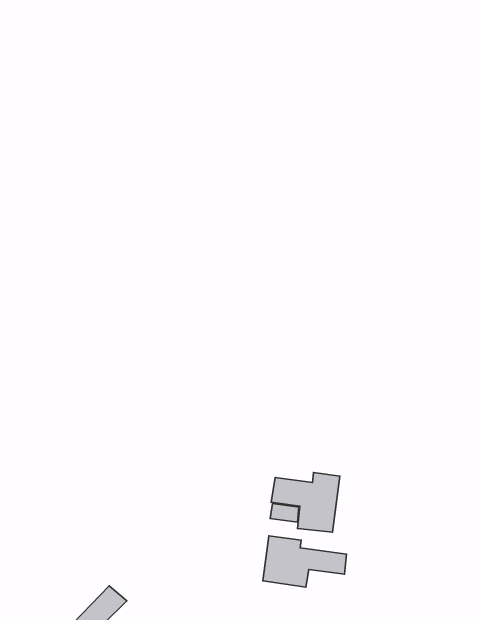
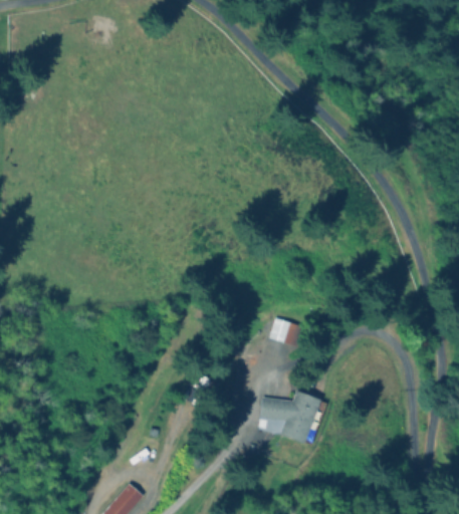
building: none -> [270,317,301,345]
building: [263,536,347,587] -> none

